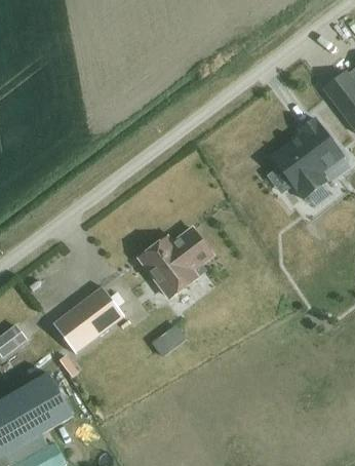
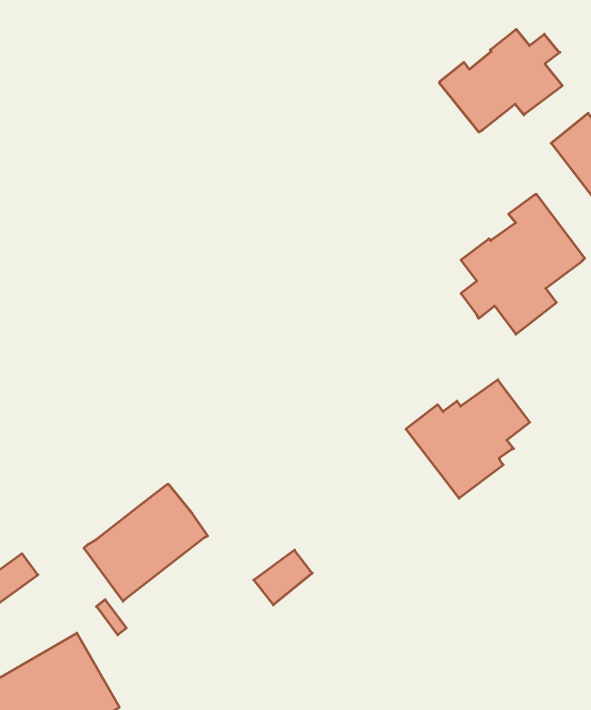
building: none -> [439,29,562,132]
building: [140,229,211,298] -> [406,380,530,498]

